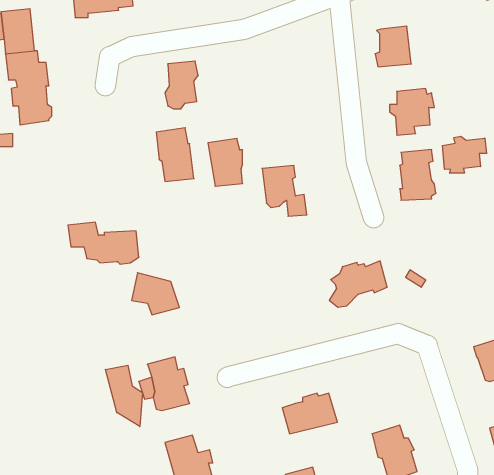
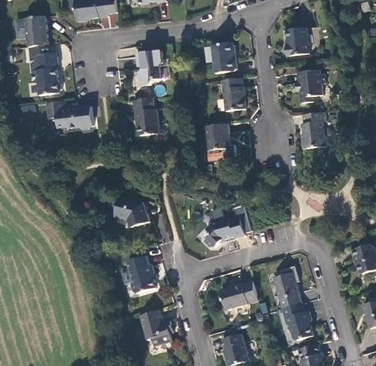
building: none -> [212,41,236,71]
building: [442,136,487,173] -> none
building: [208,138,243,186] -> [221,76,245,109]
building: [68,222,139,264] -> [46,99,95,128]
building: [329,261,387,307] -> [205,214,245,246]
building: [105,365,142,427] -> none
building: none -> [273,270,301,307]

